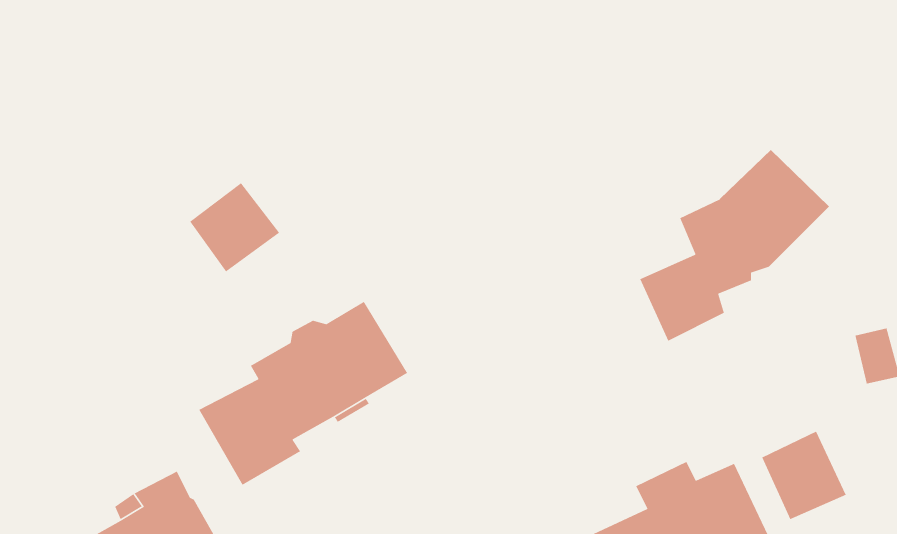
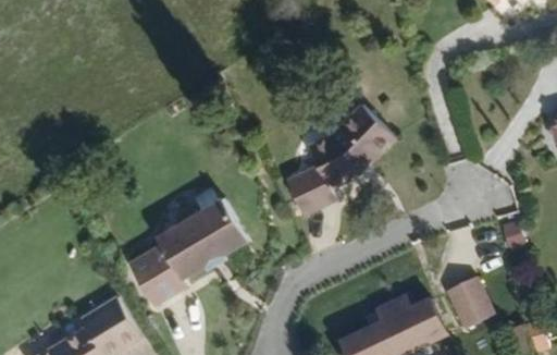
building: [639,149,830,342] -> [287,107,396,217]
building: [189,182,280,273] -> none

